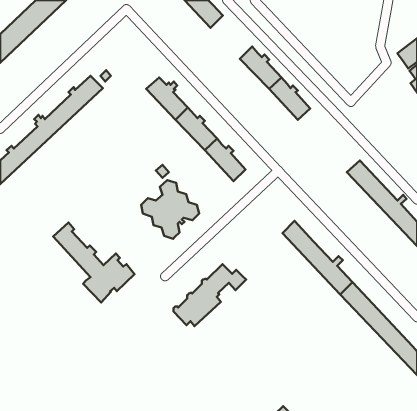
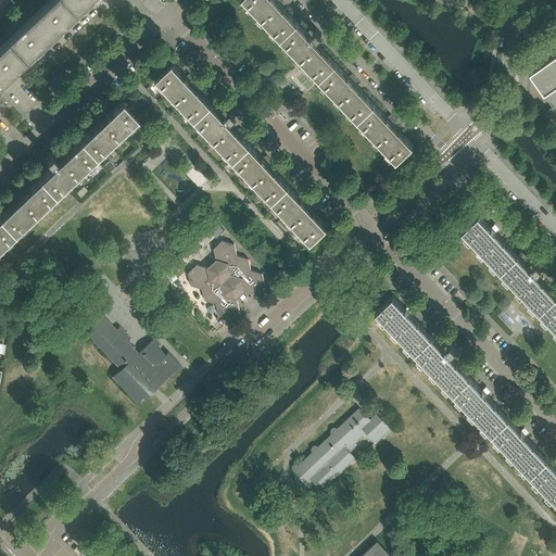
building: none -> [280,28,336,86]
building: none -> [156,70,212,126]
building: [173,264,246,326] -> [293,415,390,497]

